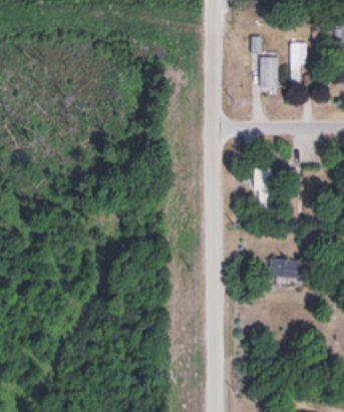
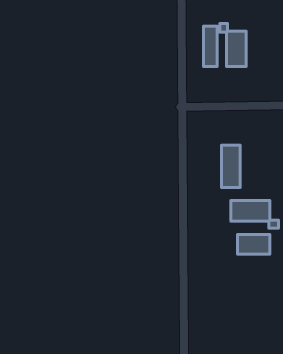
building: [290,44,304,85] -> [203,26,217,66]
building: none -> [231,201,279,228]

